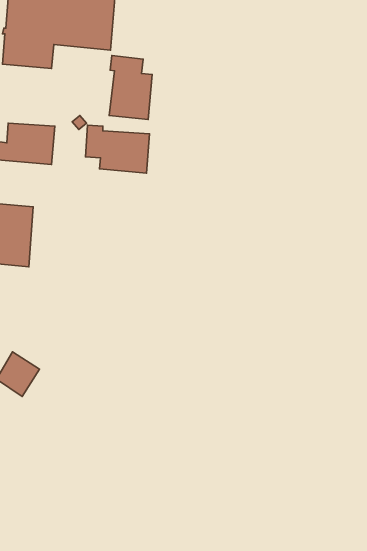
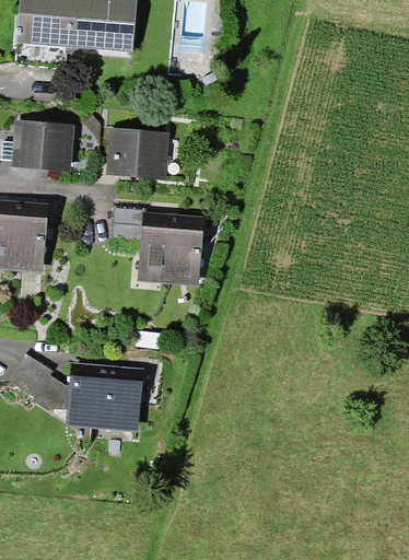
building: [109,55,152,119] -> none
building: none -> [114,210,204,283]
building: none -> [73,369,142,428]

